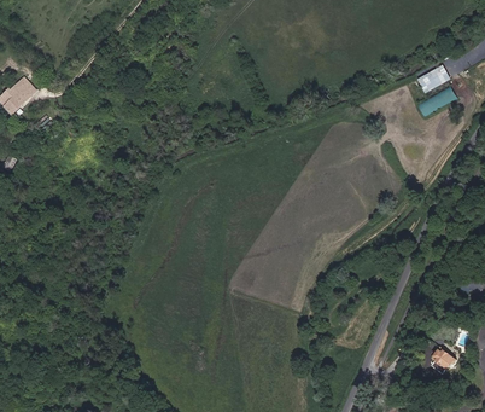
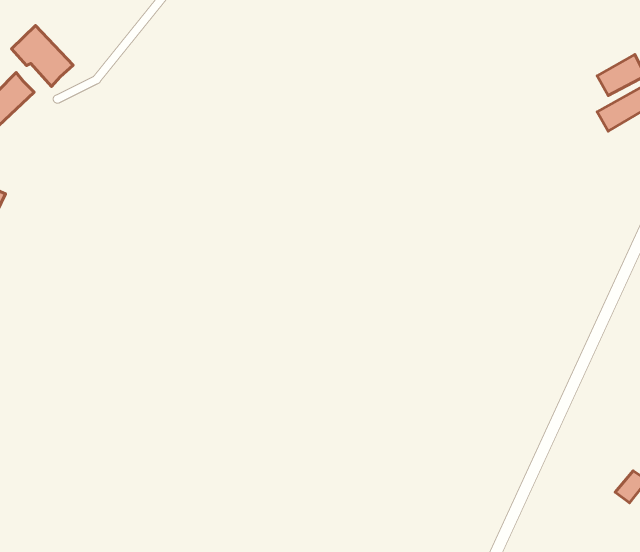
building: none -> [12,25,73,87]

